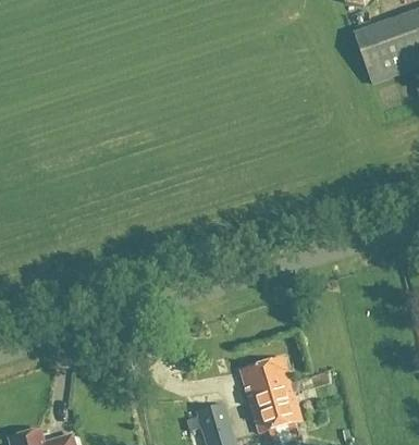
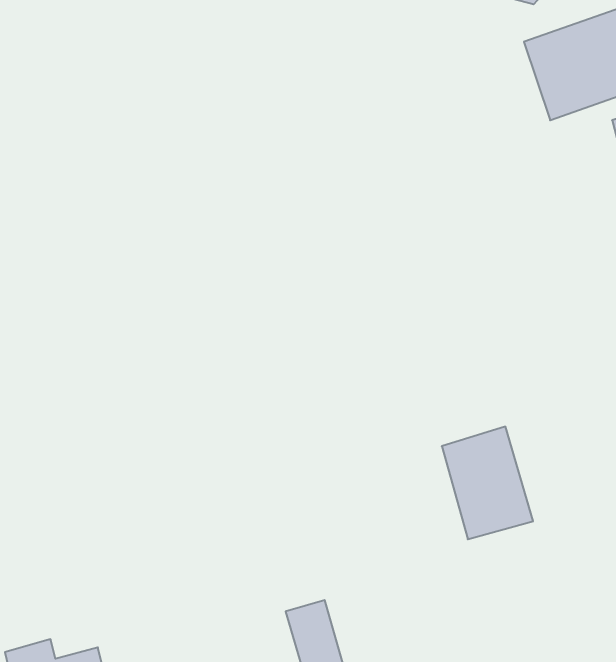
building: [241,355,301,430] -> [442,427,533,539]

